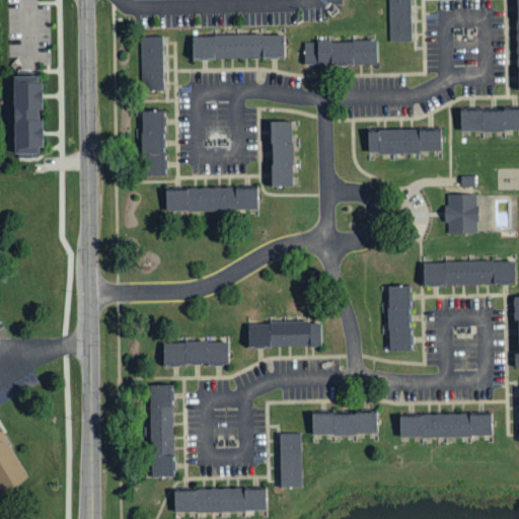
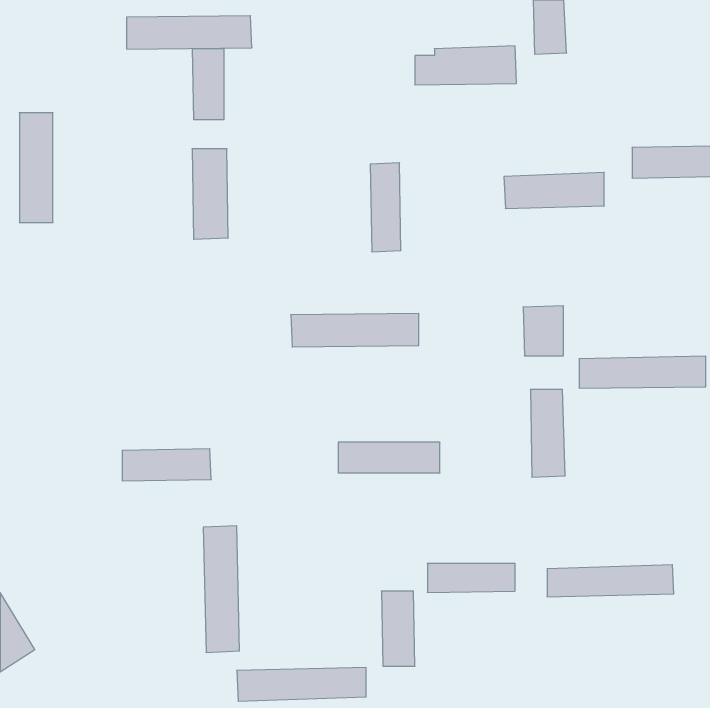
building: [193,34,284,59] -> [127,16,252,49]
building: [164,188,257,212] -> [291,313,419,347]
building: [448,195,477,231] -> [523,306,563,356]
building: [164,342,229,365] -> [122,449,211,481]

